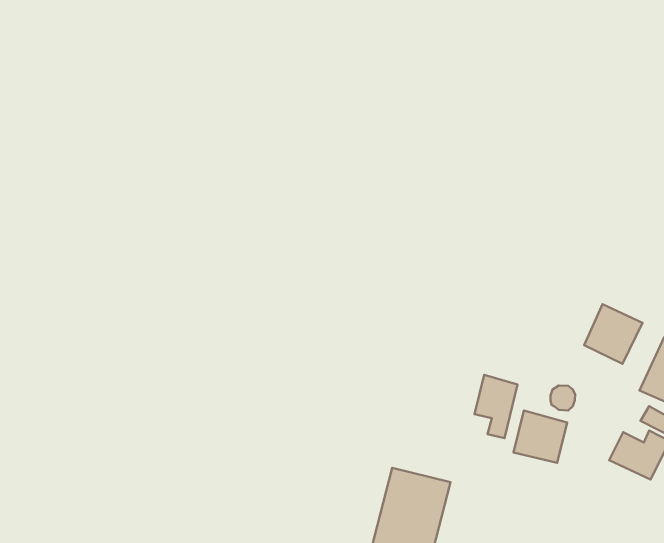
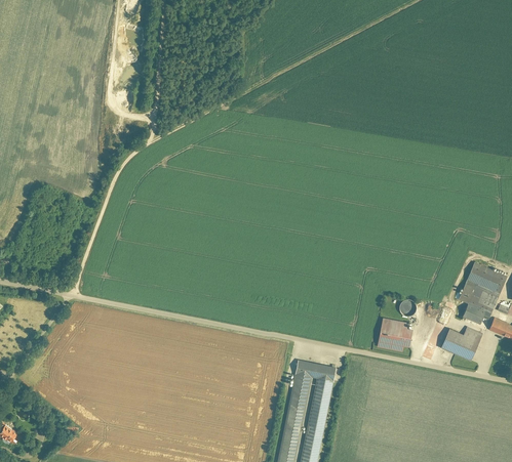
building: [584,304,643,364] -> none
building: [475,375,518,438] -> none

